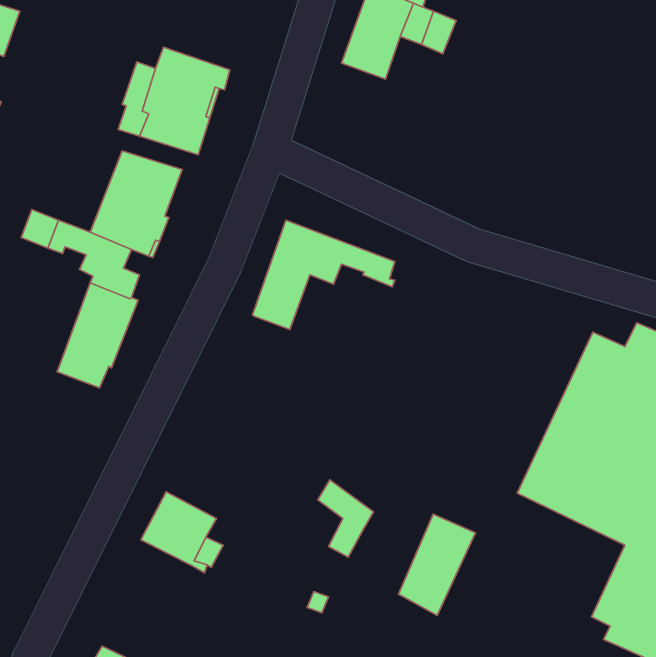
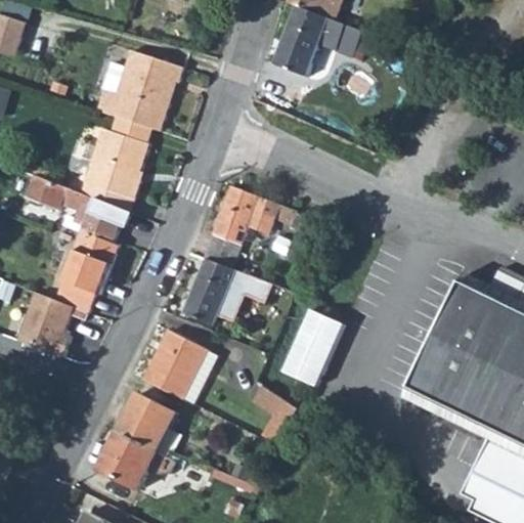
building: none -> [181,258,269,323]
building: none -> [15,294,85,359]
building: none -> [142,330,217,404]
building: [399,514,476,615] -> [285,308,344,386]
building: none -> [96,430,157,489]

